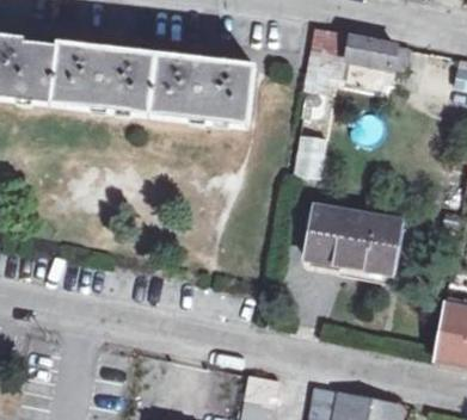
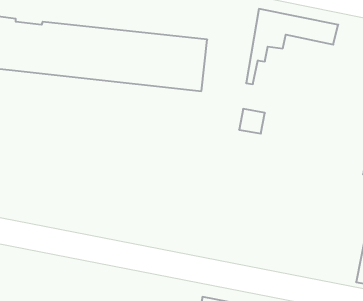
building: [307,203,413,270] -> none

